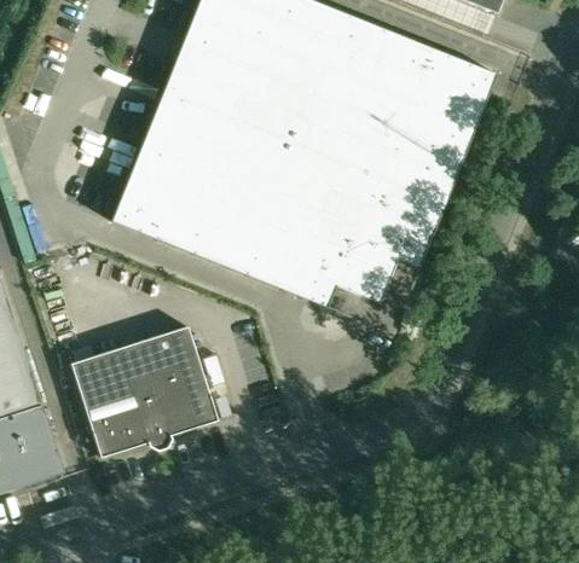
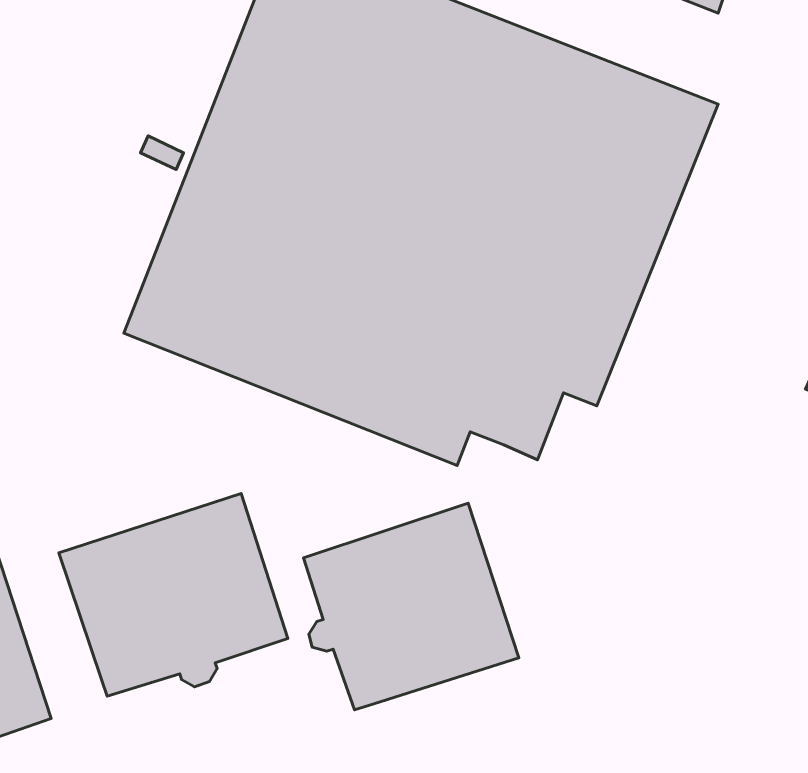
building: none -> [303,503,519,710]

